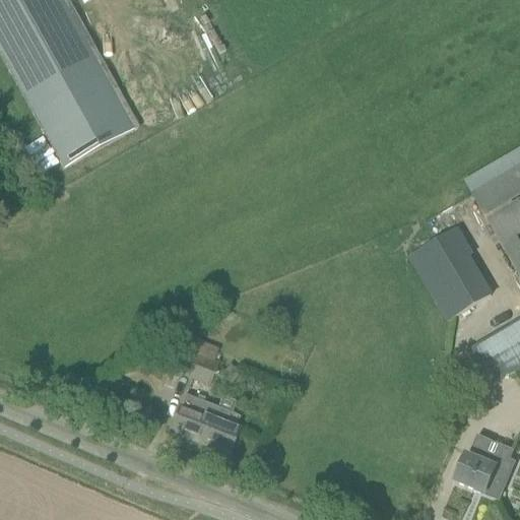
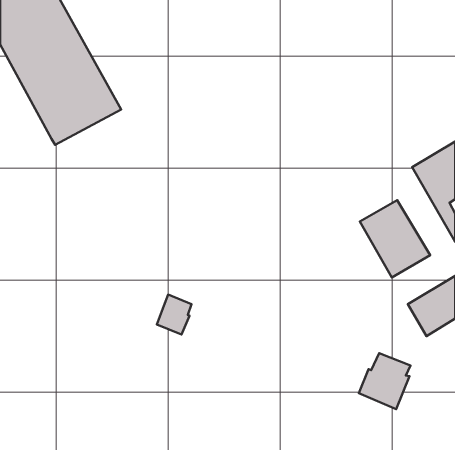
building: [171,392,238,451] -> none
building: [455,433,514,497] -> [359,353,410,409]

